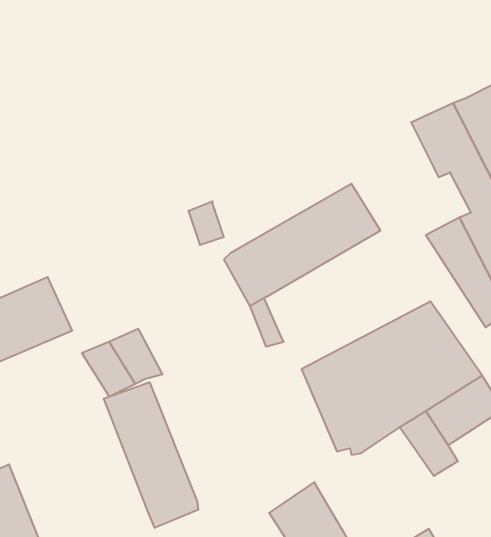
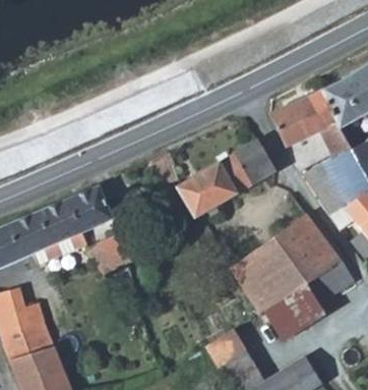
building: none -> [270,102,312,150]
building: none -> [66,186,114,233]
building: [104,382,198,528] -> none
building: none -> [263,294,309,341]

